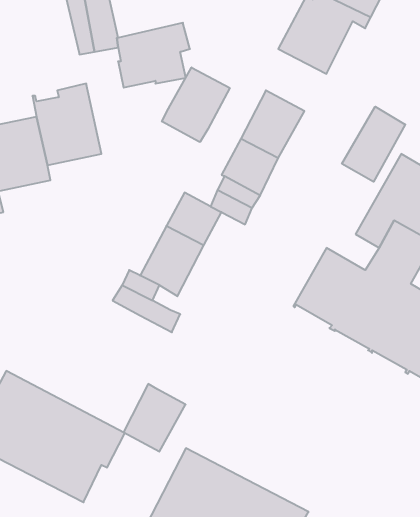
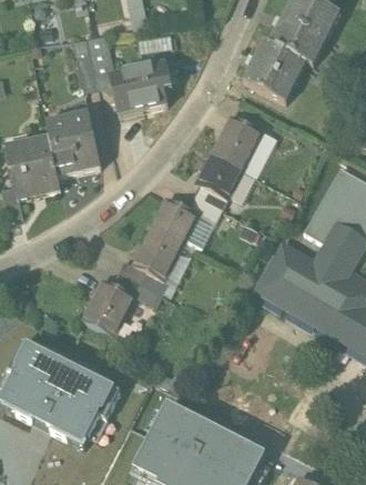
building: [162,67,230,142] -> none
building: [342,107,405,182] -> none
building: [123,384,186,452] -> [82,280,132,334]

